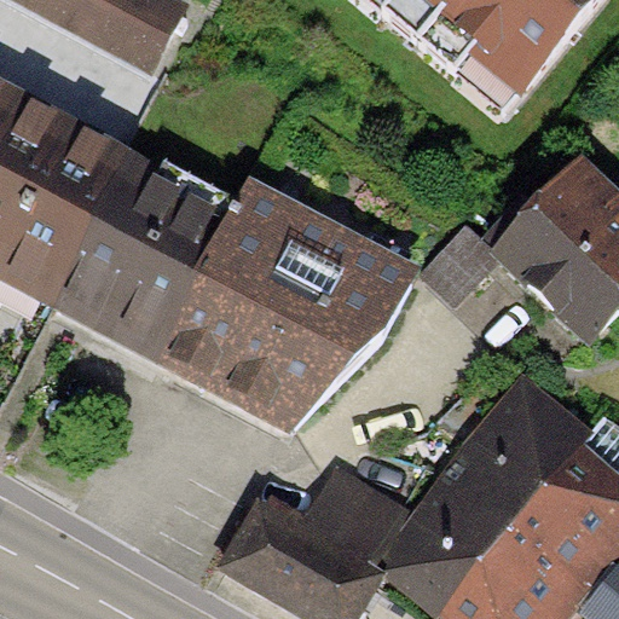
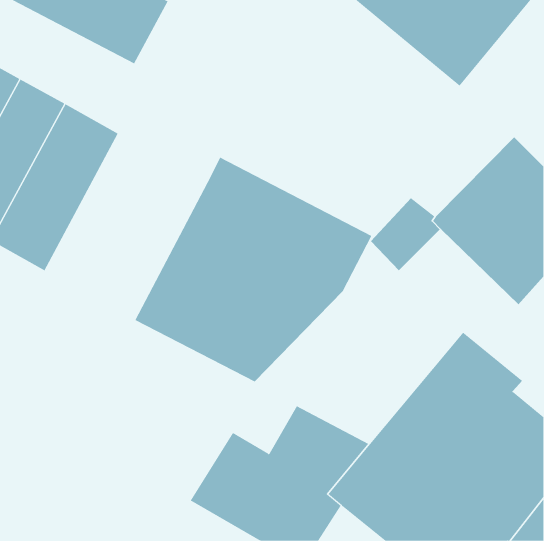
building: [51,151,238,363] -> none

